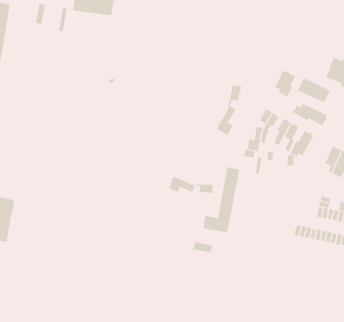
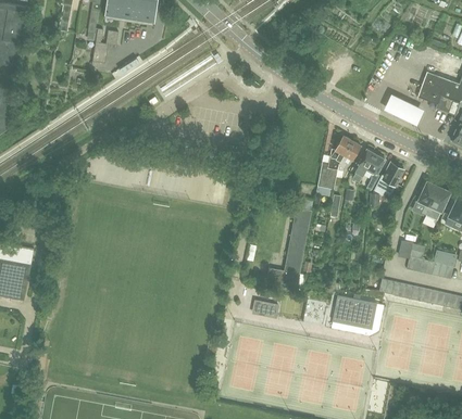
building: [274,70,296,98] -> none
building: [216,85,242,136] -> none
building: [291,103,328,126] -> none
building: [168,176,213,193] -> none
building: none -> [332,294,376,329]

